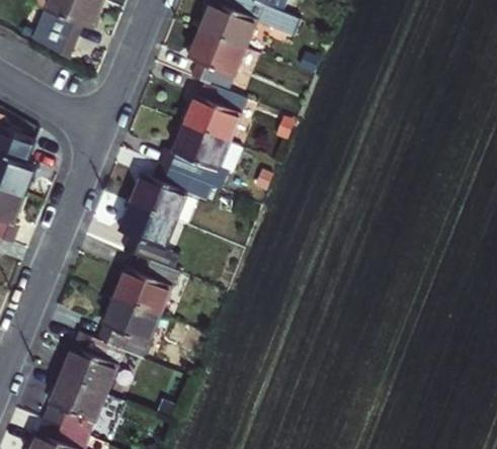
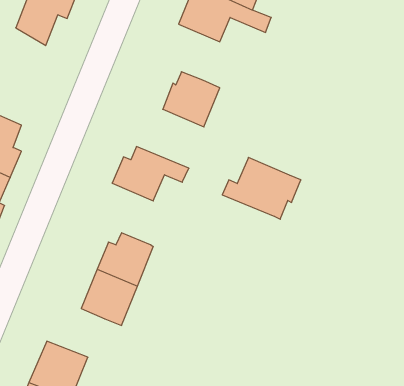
building: [190,30,248,91] -> none
building: [158,122,243,189] -> [222,157,301,219]
building: [119,202,178,269] -> none
building: [61,330,123,390] -> none

